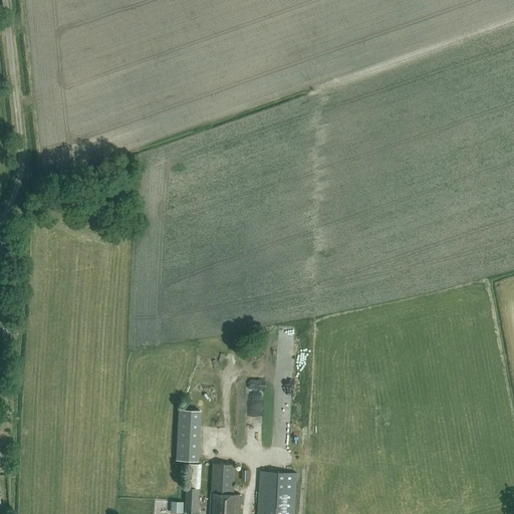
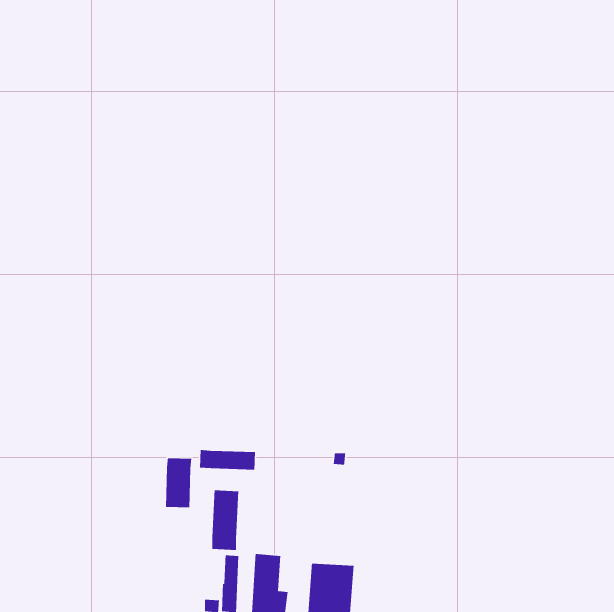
building: none -> [199,449,256,470]
building: none -> [165,457,192,508]

